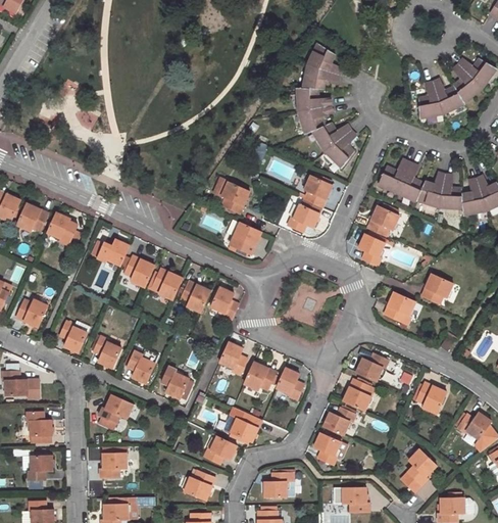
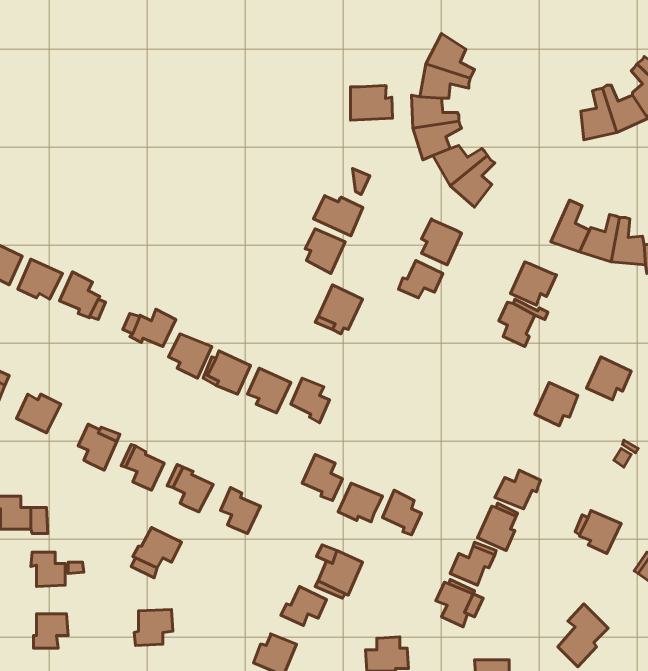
building: none -> [351,85,392,120]
building: none -> [314,195,363,236]
building: [377,158,408,191] -> none

